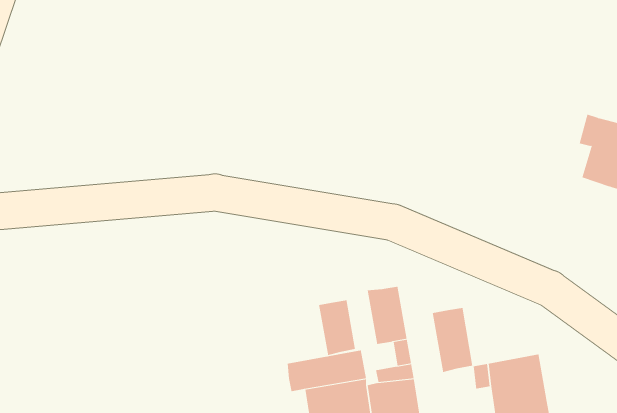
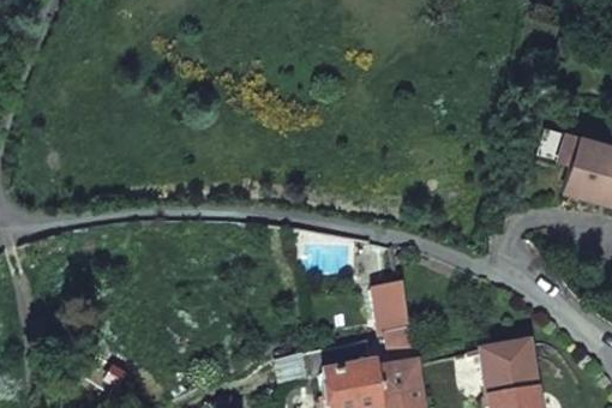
building: [318,299,356,356] -> none
building: [432,307,473,373] -> none

